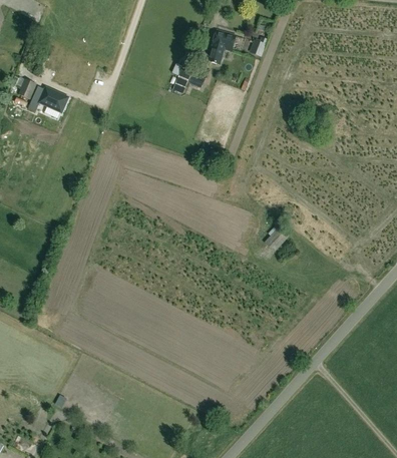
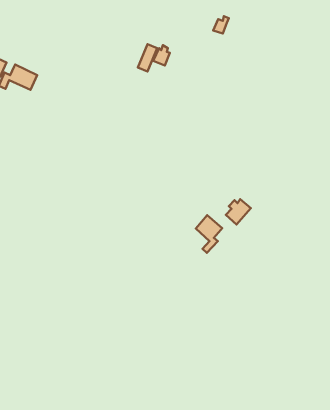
building: [207,29,236,64] -> none
building: none -> [196,215,222,253]

